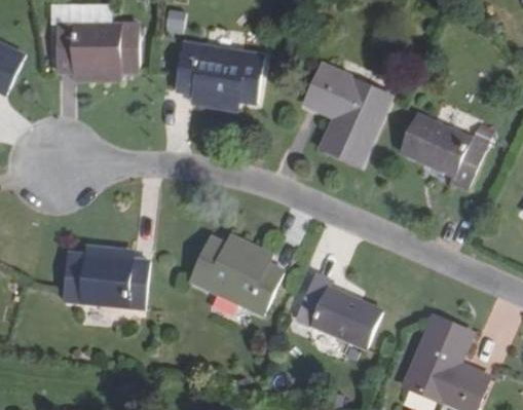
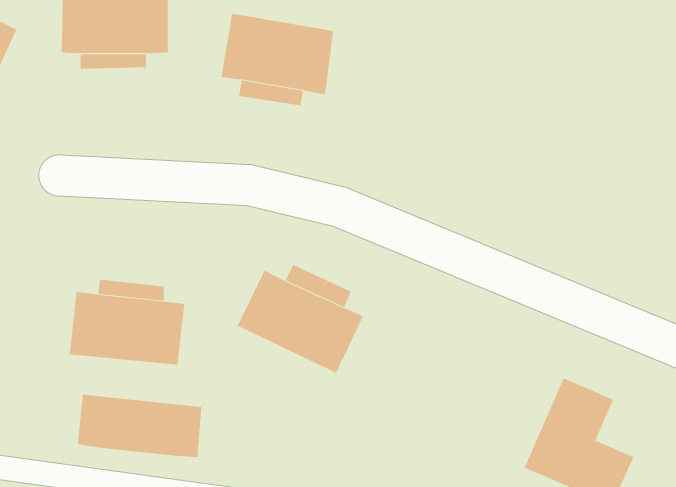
building: [303,64,389,165] -> none
building: [402,115,486,190] -> none
building: [294,271,382,348] -> none
building: none -> [77,394,202,458]

